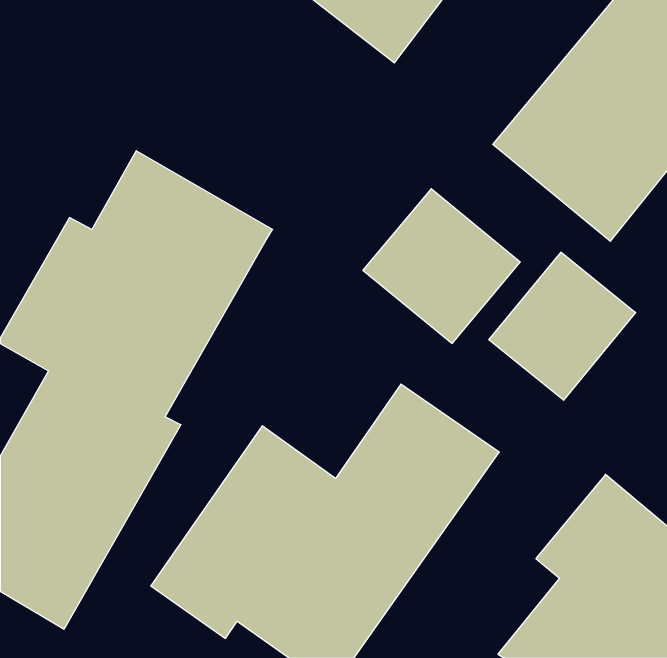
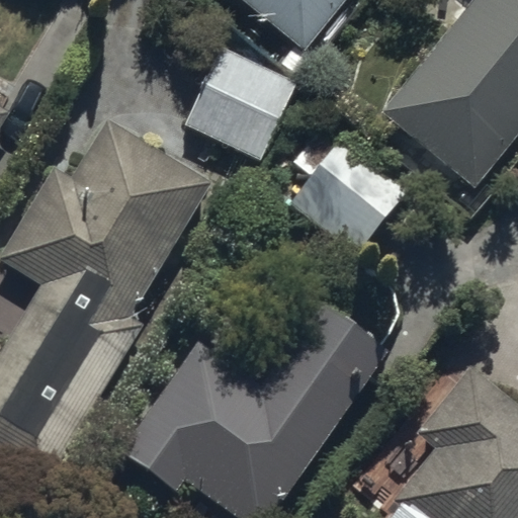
building: none -> [182,42,300,162]
building: [489,252,636,400] -> none

